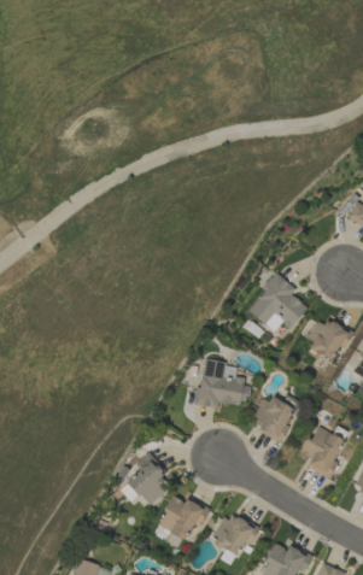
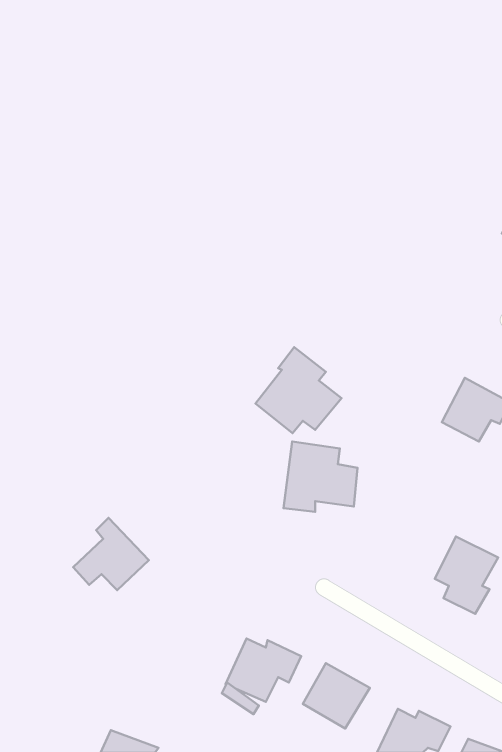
building: [250,272,309,331] -> [255,347,342,433]
building: [253,395,294,442] -> none
building: [121,456,172,505] -> [73,518,149,590]

